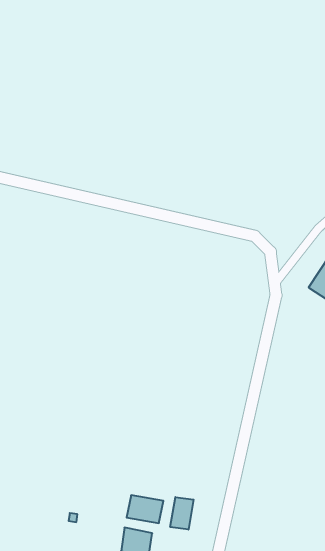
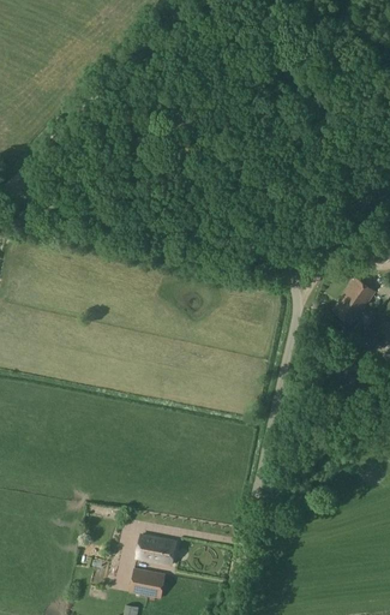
building: [170,497,194,530] -> none

